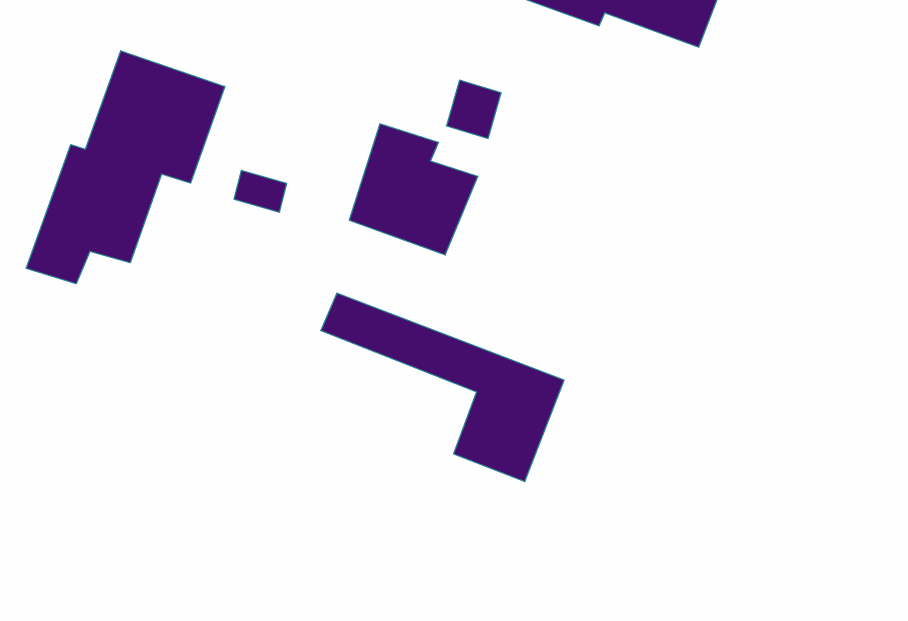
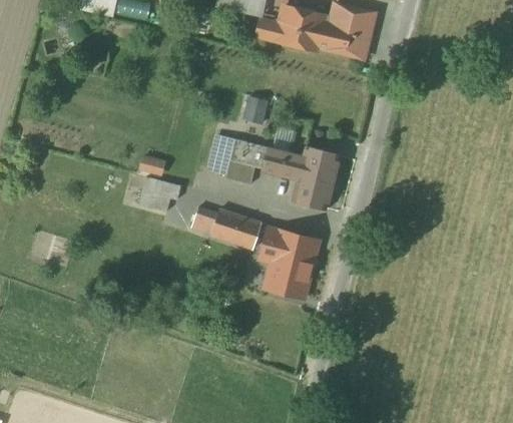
building: [26,51,225,284] -> none
building: none -> [265,146,339,210]
building: none -> [139,175,180,209]

